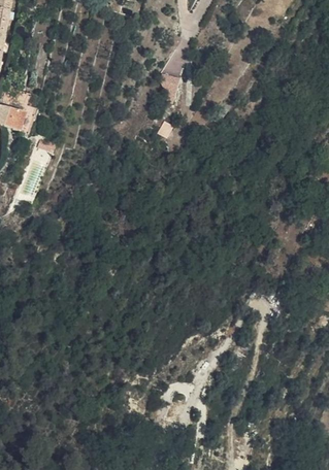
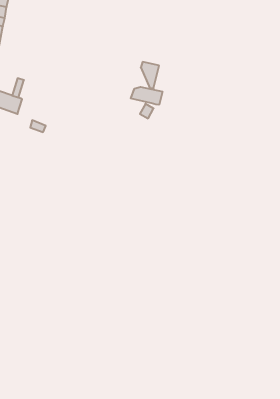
building: none -> [131,87,162,105]

